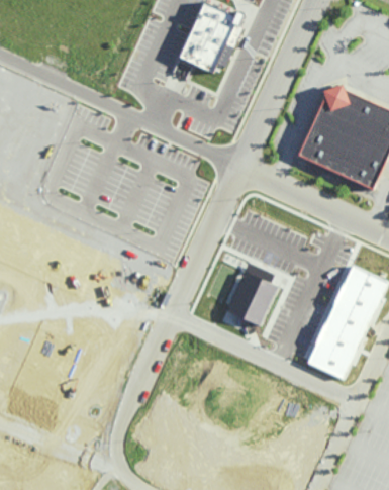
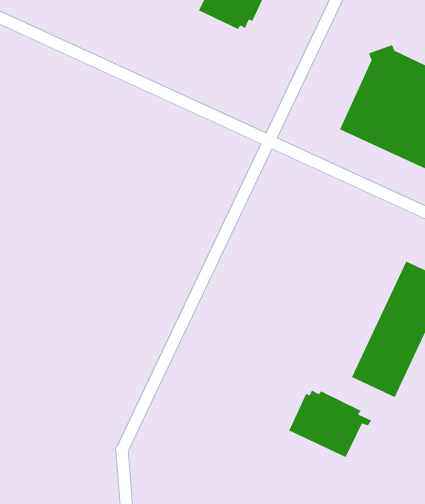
building: [228,271,277,325] -> none
building: none -> [288,390,372,458]

